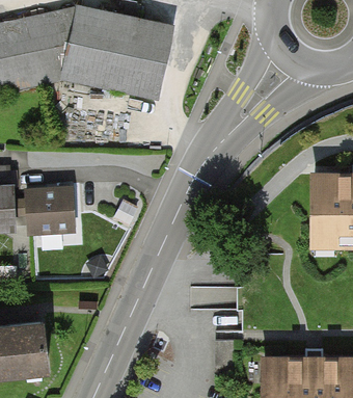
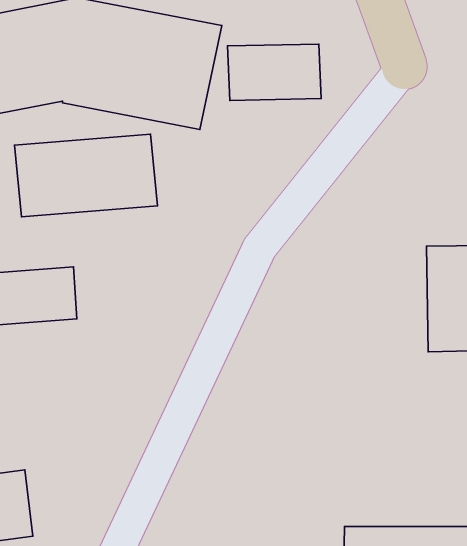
building: none -> [228,44,321,100]
building: none -> [14,134,157,217]

